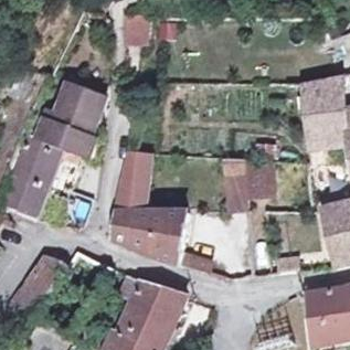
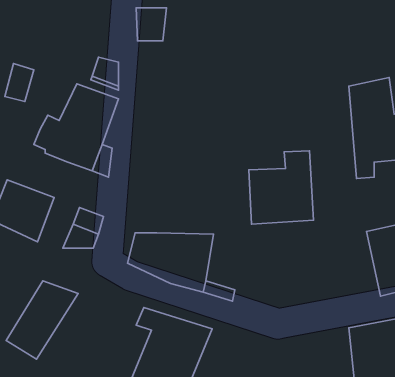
building: [8,116,61,180] -> none
building: [116,151,148,211] -> none

